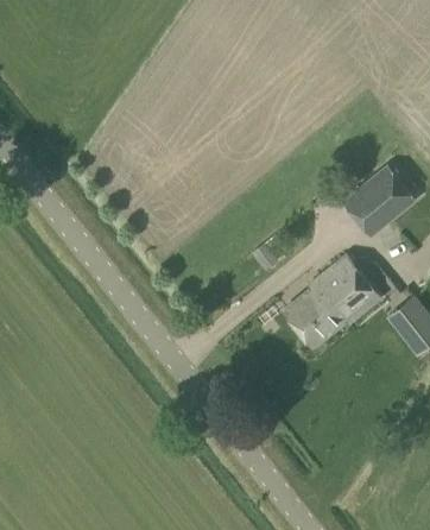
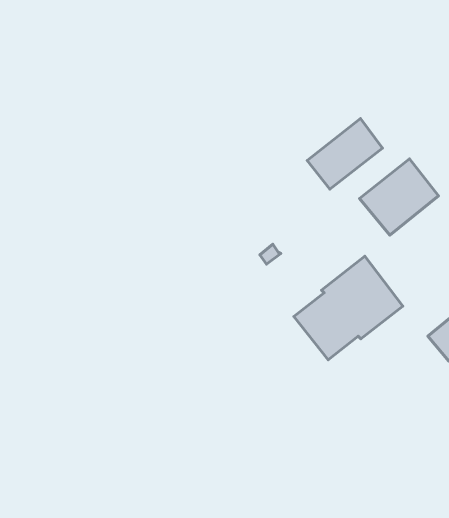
building: none -> [307,118,383,189]

